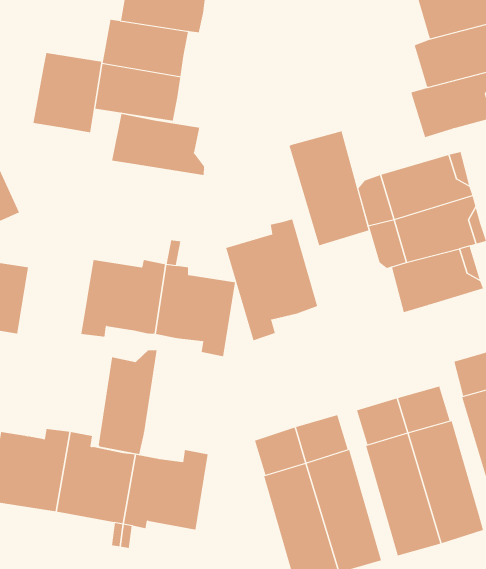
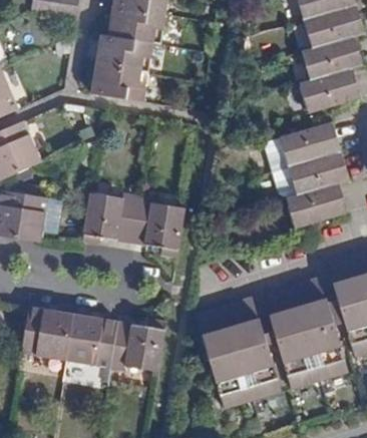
building: [33,52,102,133] -> none
building: [112,113,205,176] -> none
building: [289,131,369,246] -> none
building: [226,219,318,341] -> none
building: [98,349,157,455] -> none

